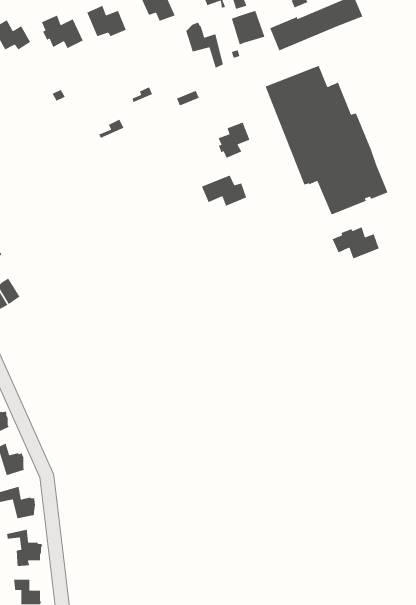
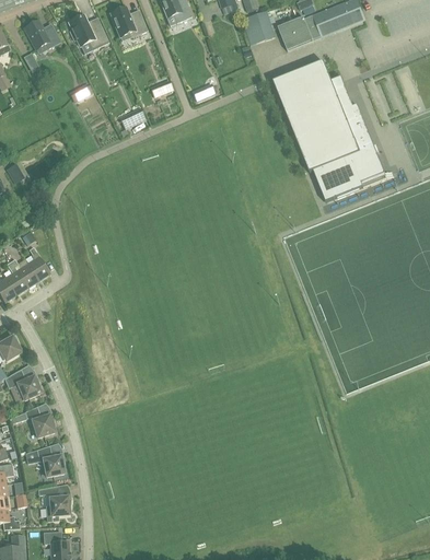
building: [185,22,224,69] -> none
building: [217,122,251,159] -> none
building: [201,174,247,207] -> none
building: [332,226,380,259] -> none

